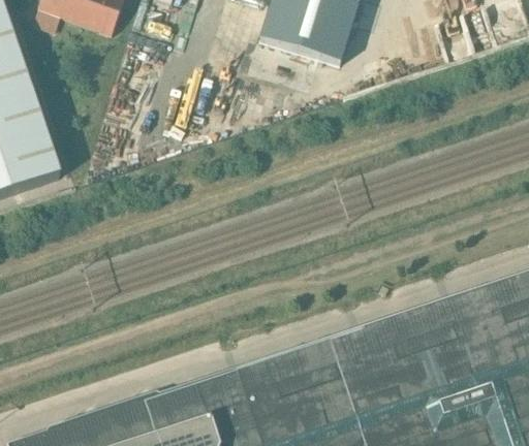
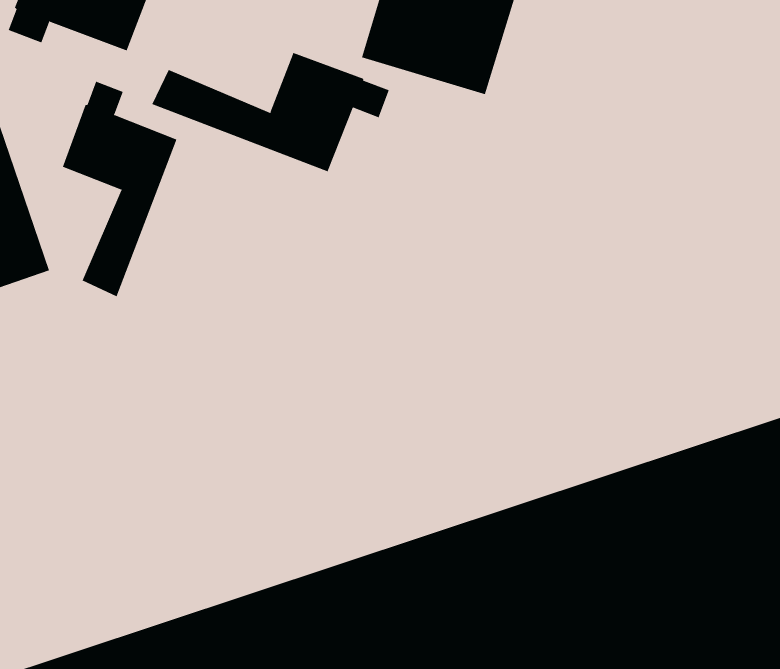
building: none -> [151,52,390,172]
building: none -> [62,81,177,297]

